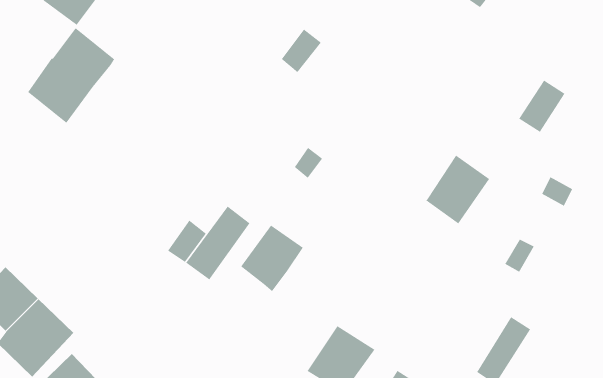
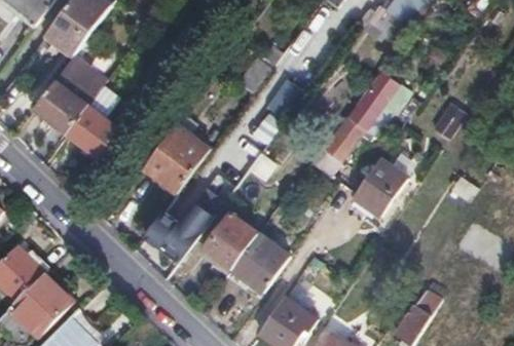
building: none -> [309,73,408,177]
building: none -> [65,87,120,158]
building: none -> [144,124,209,194]
building: none -> [230,234,288,293]

